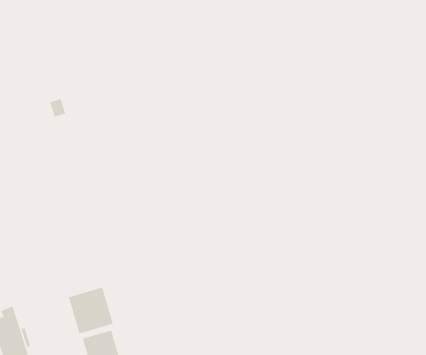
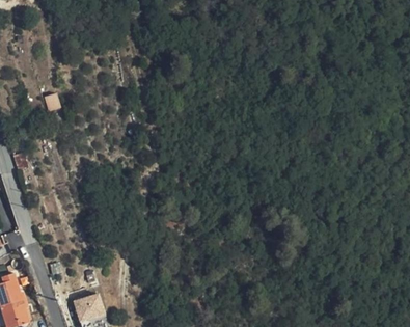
building: [68,286,114,335] -> none

